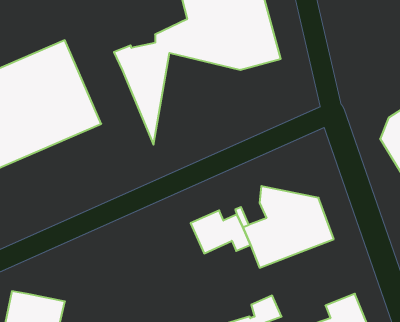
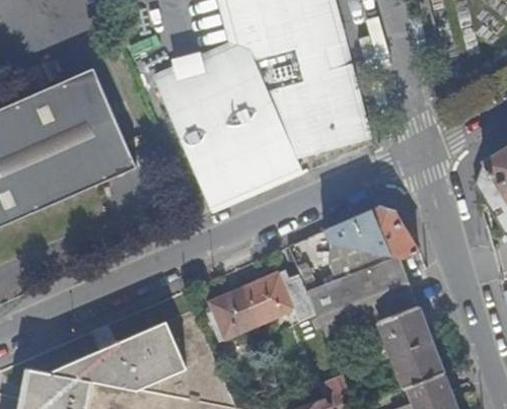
building: none -> [201,81,367,207]
building: none -> [324,206,418,257]
building: none -> [209,286,262,340]
building: none -> [378,305,443,387]
building: none -> [49,320,188,389]

